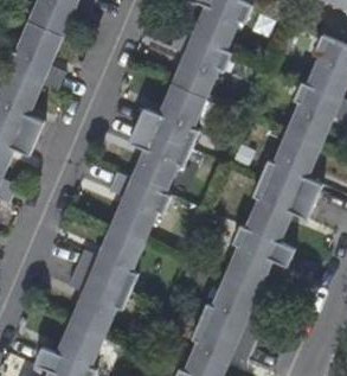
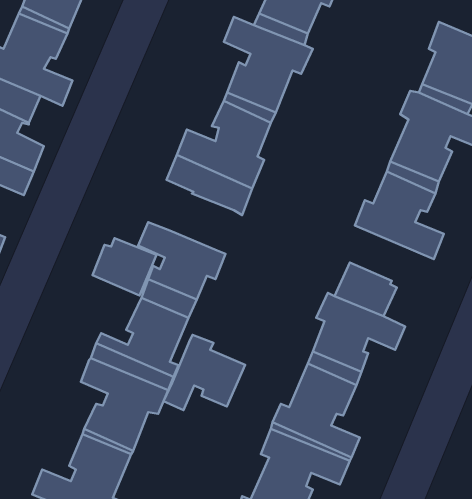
building: [130,155,175,196] -> [93,238,156,295]
building: [253,178,316,219] -> none
building: none -> [164,335,245,410]

